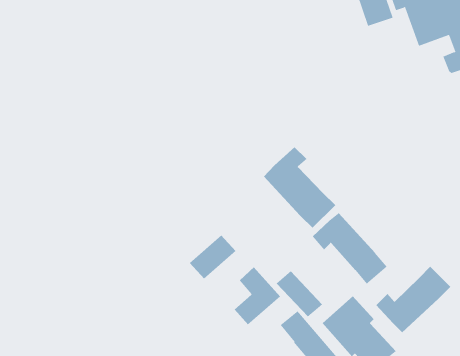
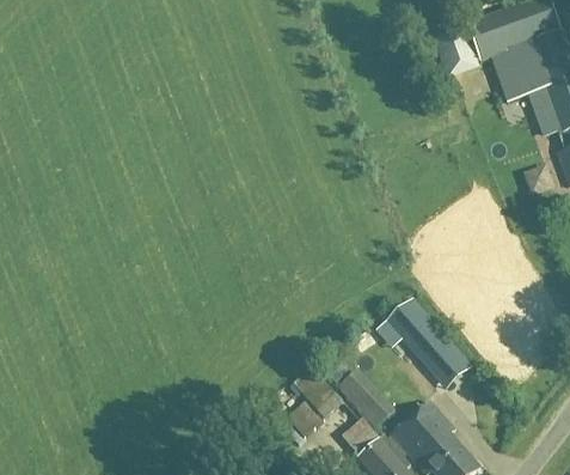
building: [263,146,336,229] -> none
building: [189,235,237,279] -> none
building: [376,266,451,333] -> none

